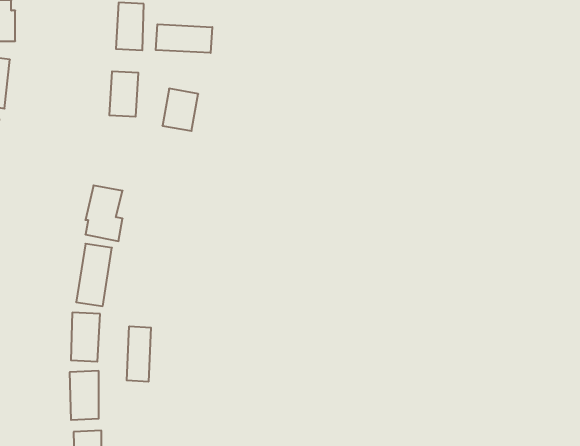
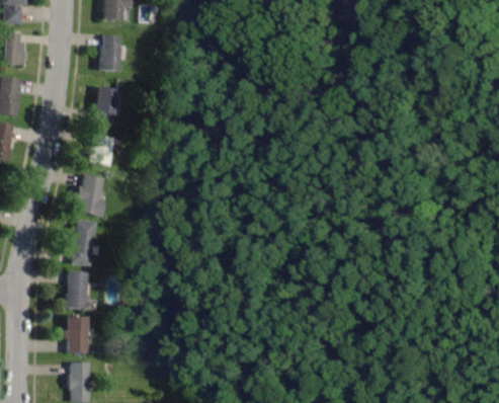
building: [156,24,212,53] -> none
building: [162,89,198,131] -> [87,134,114,166]
building: [127,326,151,382] -> none

